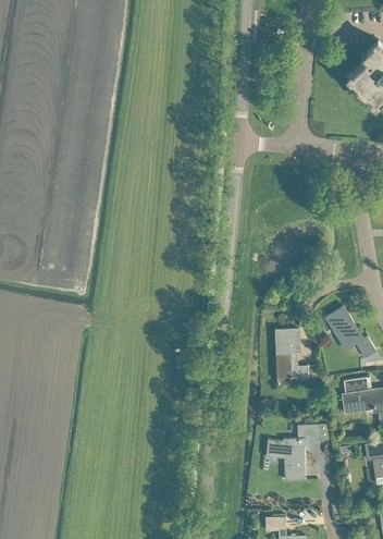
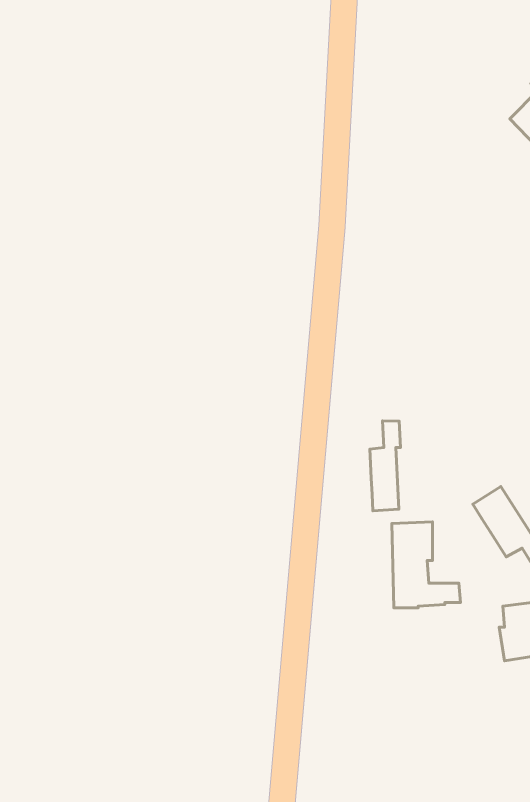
building: none -> [370,421,401,511]
building: [267,425,329,480] -> none

